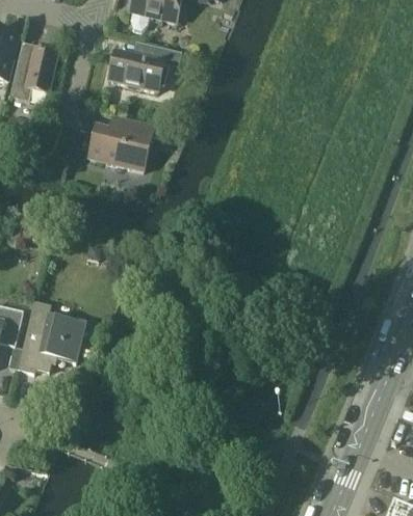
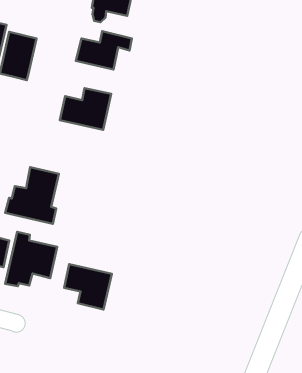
building: none -> [5,167,59,224]
building: none -> [64,264,112,309]

